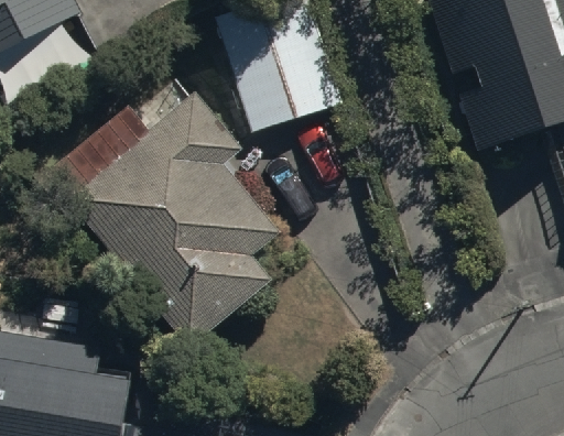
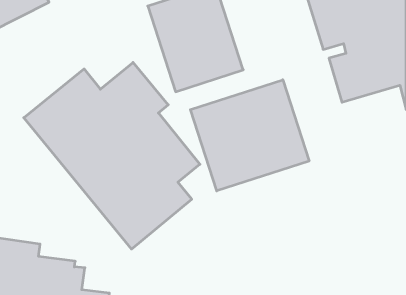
building: none -> [190,80,309,191]

